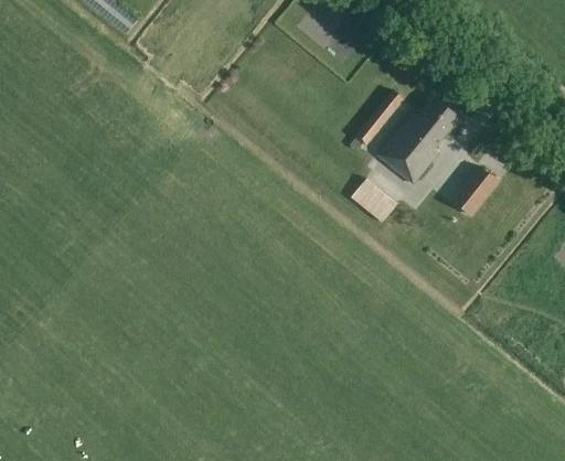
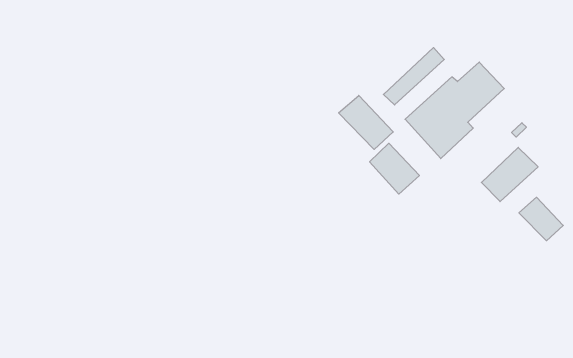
building: none -> [339,95,393,149]
building: none -> [519,197,563,241]

